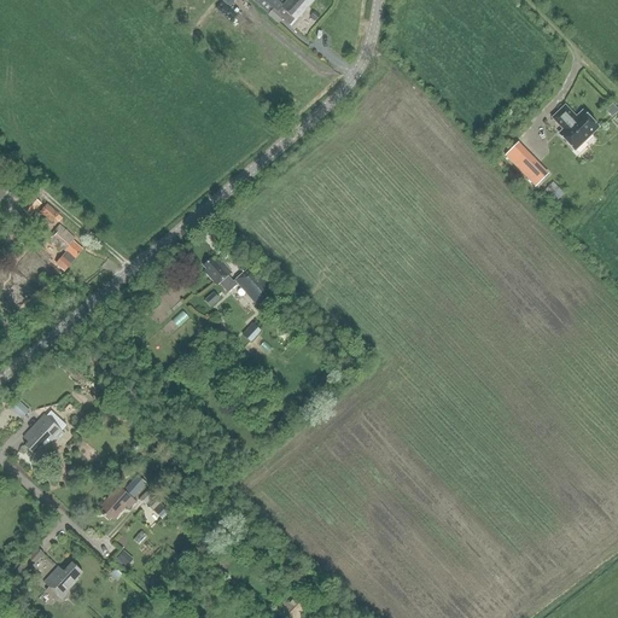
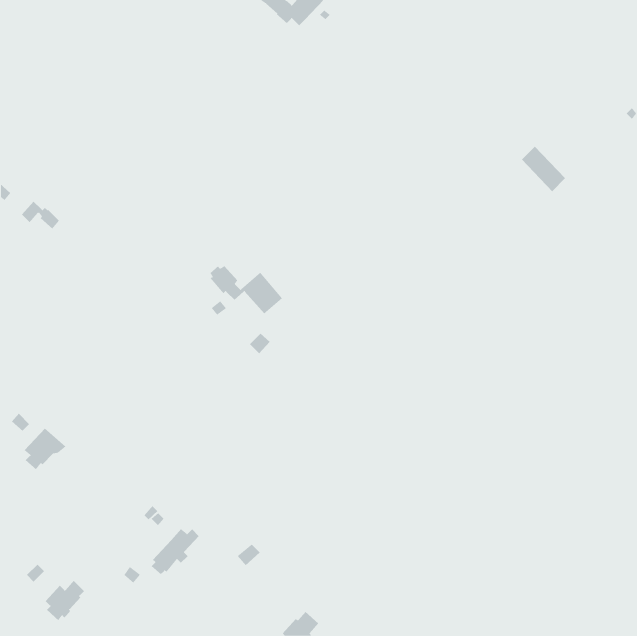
building: [552,105,597,148] -> none
building: [47,226,82,270] -> none
building: [99,474,146,519] -> [151,529,200,575]

